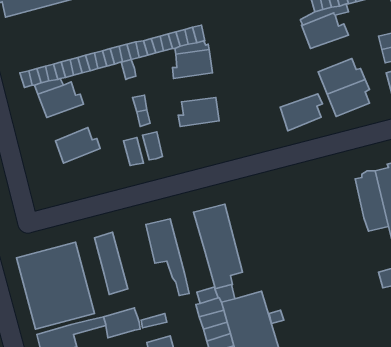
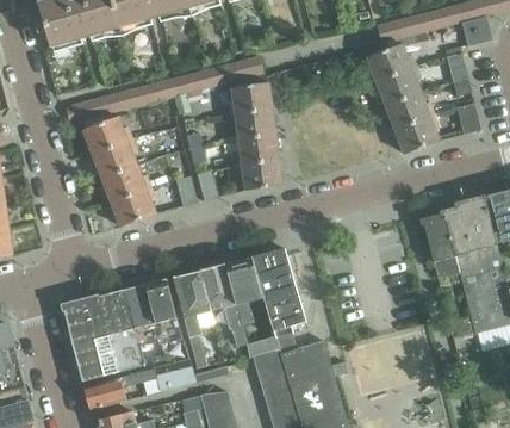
building: none -> [229,107,274,138]
building: [280,94,322,131] -> [375,67,421,106]
building: none -> [93,141,137,180]
building: none -> [236,159,280,190]
building: none -> [111,188,155,227]
building: none -> [225,256,262,323]
building: none -> [173,269,212,367]
building: none -> [124,284,164,365]

